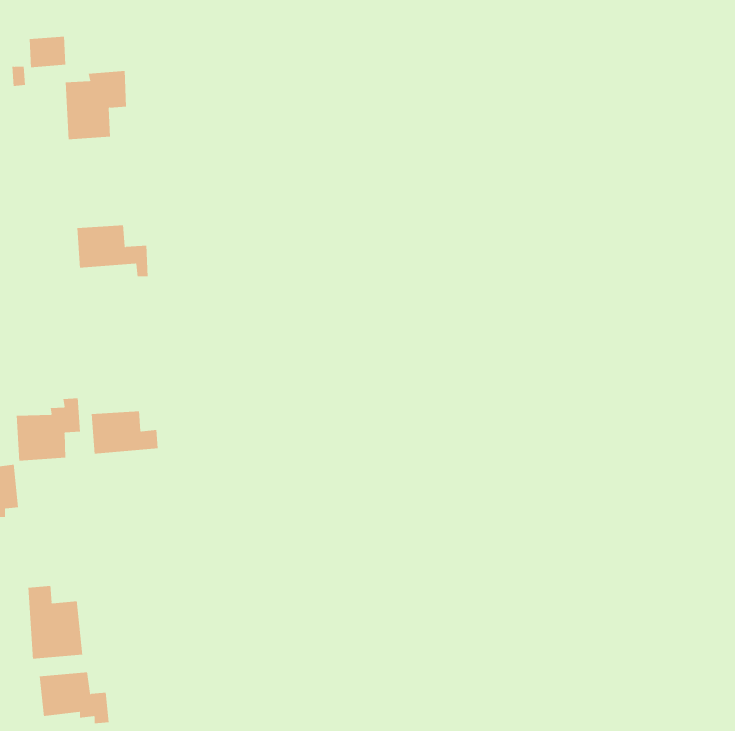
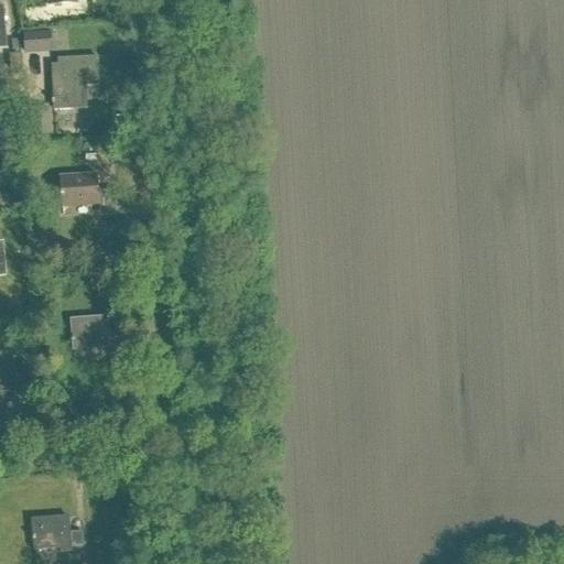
building: [16,398,80,461] -> none
building: [28,585,83,660] -> none

